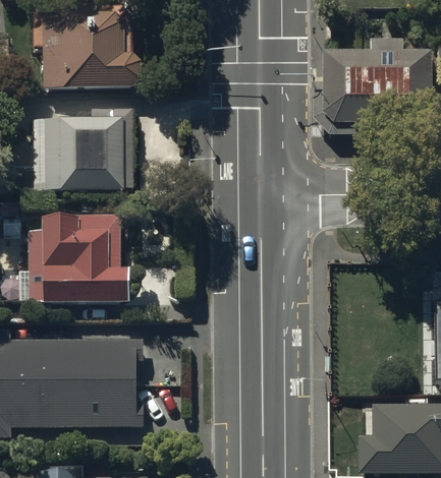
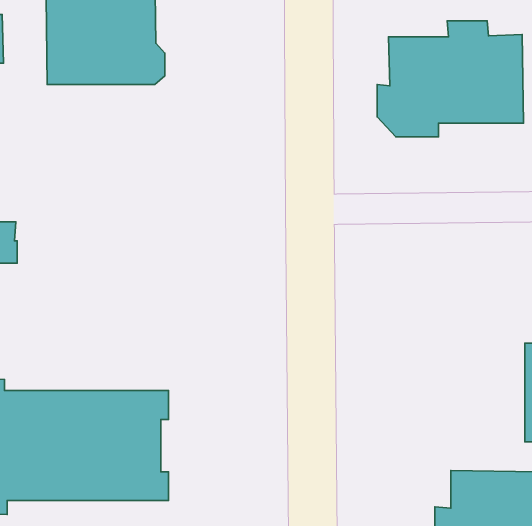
building: [34,107,130,197] -> none
building: [20,213,130,301] -> none

